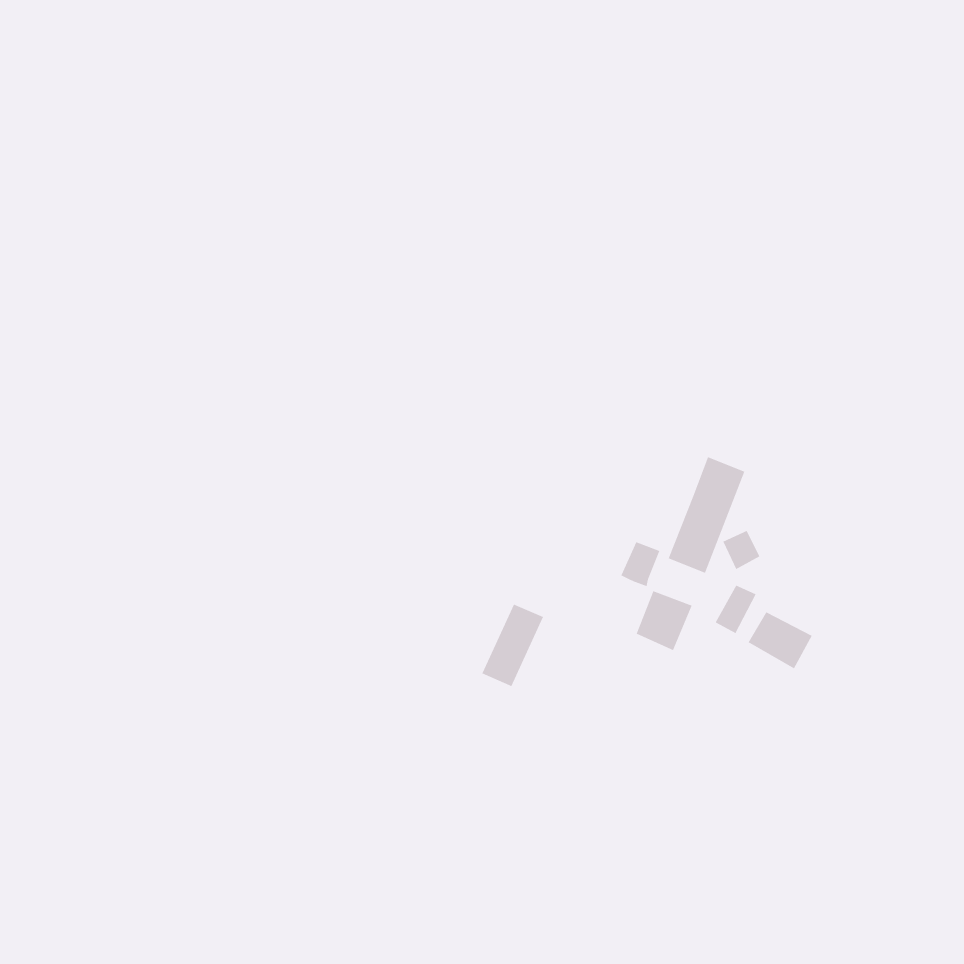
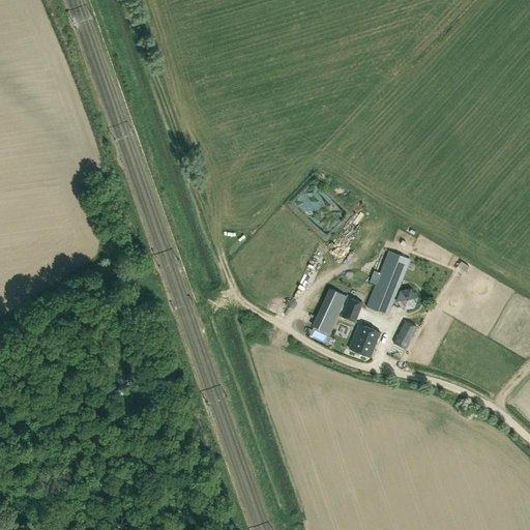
building: [481,604,544,687] -> [312,288,346,333]
building: [748,611,812,669] -> none

